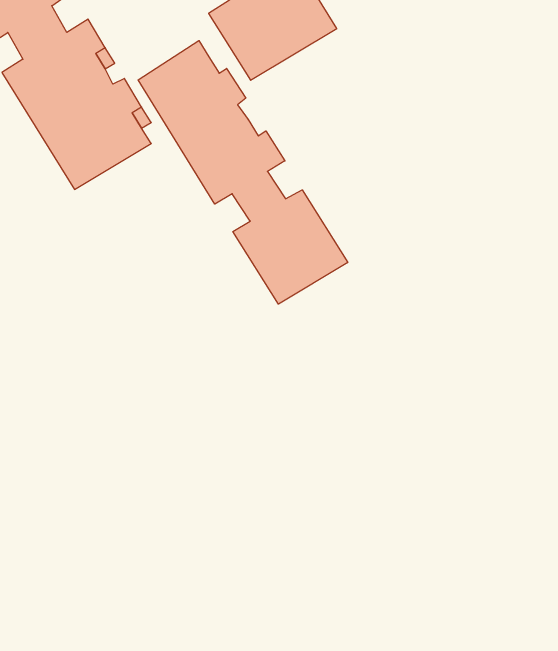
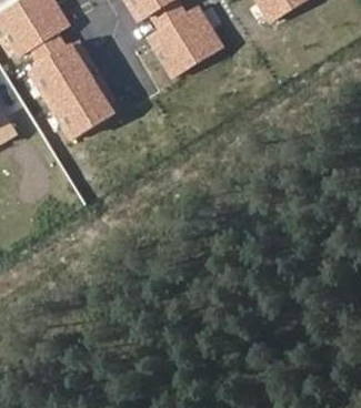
building: [138,41,348,304] -> none

